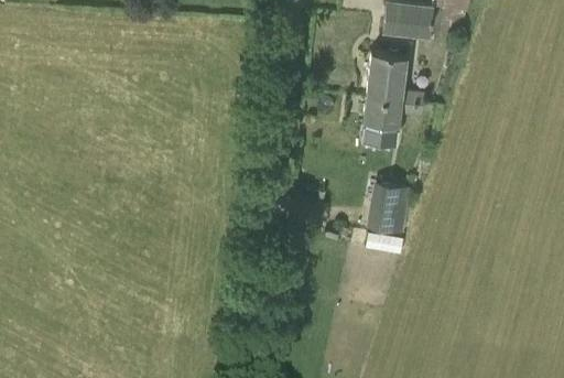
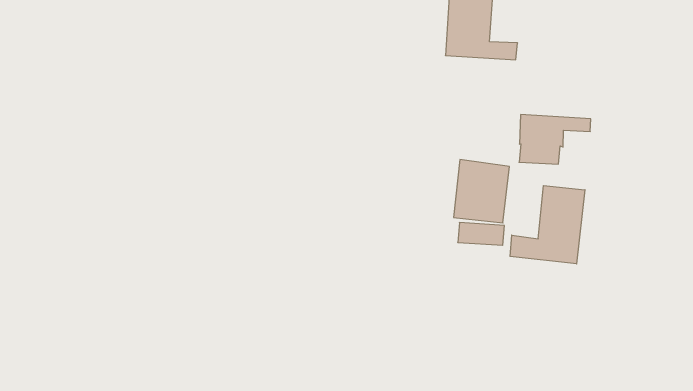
building: [362,99,421,140] -> [519,115,591,164]
building: none -> [510,186,585,264]

